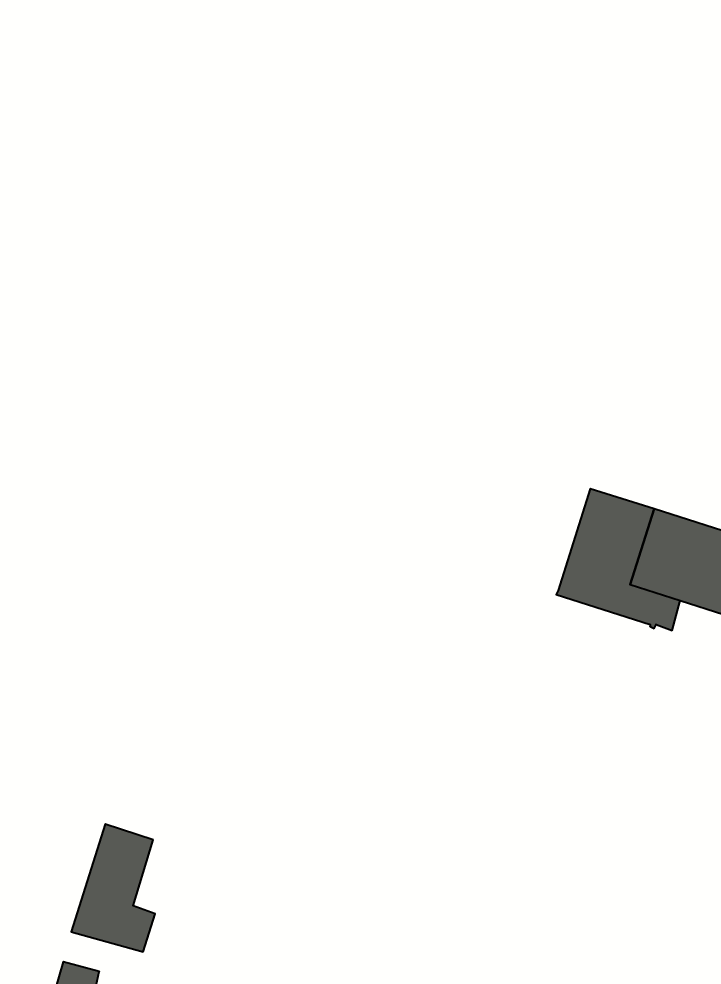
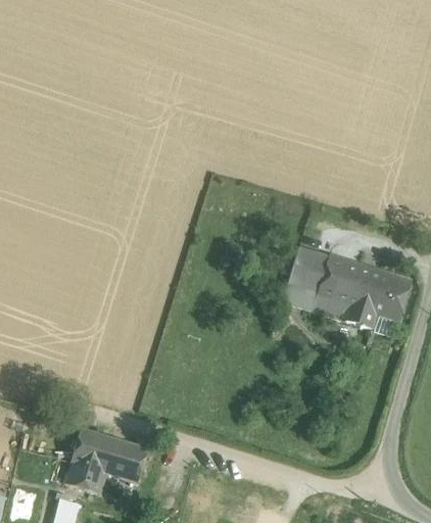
building: none -> [284,246,330,307]
building: none -> [96,435,148,482]

